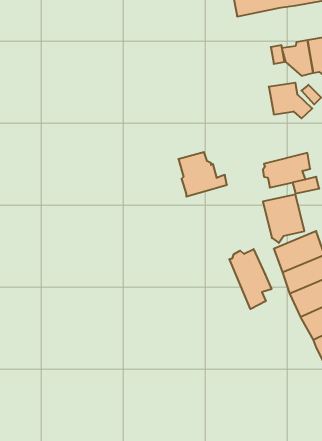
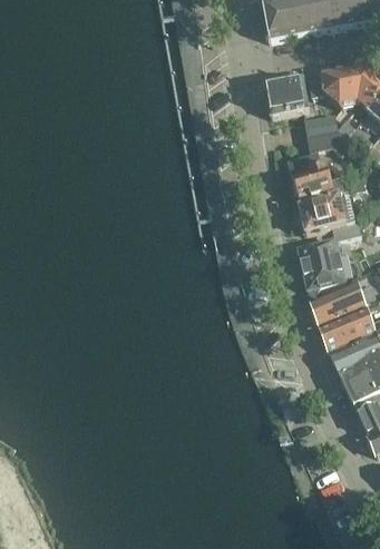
building: none -> [264,73,309,114]
building: [178,152,227,197] -> [288,151,342,202]
building: [229,249,271,309] -> none

